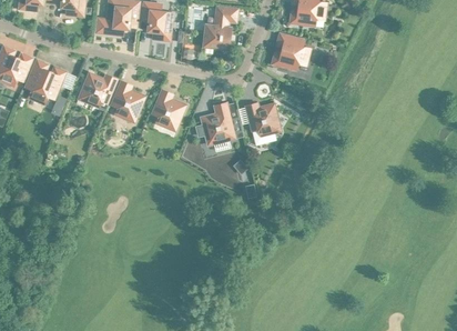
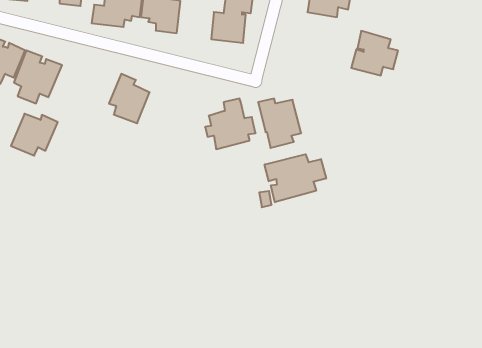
building: [270,30,312,70] -> [351,31,398,75]
building: [75,70,118,108] -> [11,114,58,156]
building: [149,87,186,131] -> none
building: none -> [265,154,326,202]

